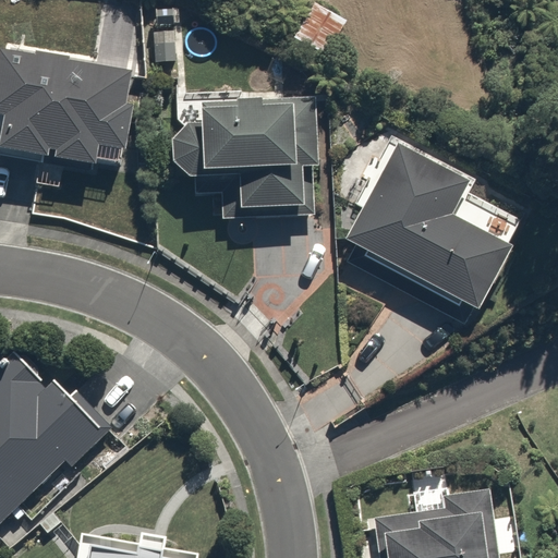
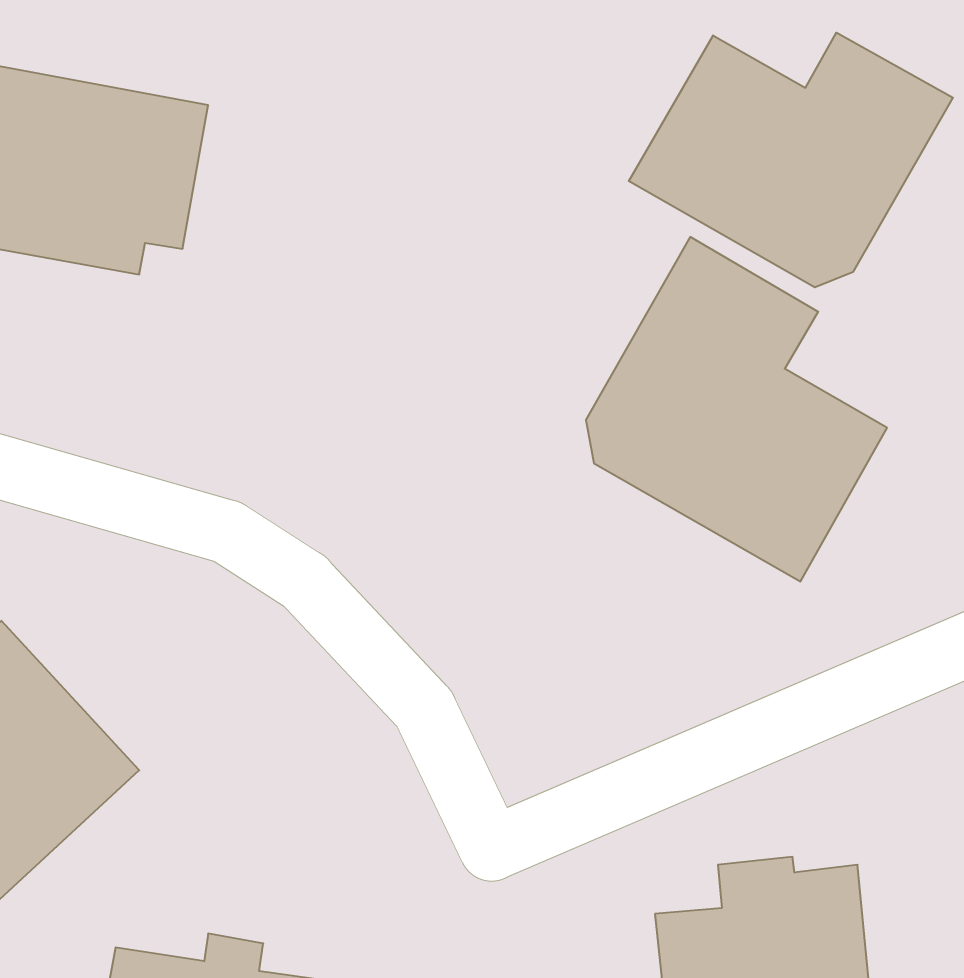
building: none -> [629,33,953,287]
building: [163,98,322,226] -> none

